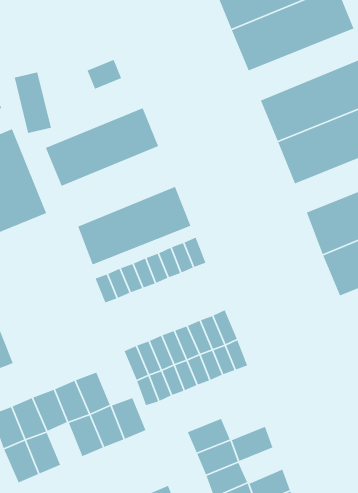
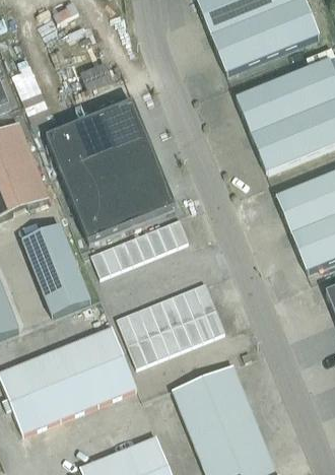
building: none -> [61,138,161,208]
building: none -> [22,224,90,316]
building: none -> [92,328,124,365]
building: none -> [202,364,241,396]
building: none -> [49,381,79,418]
building: none -> [217,403,256,433]

